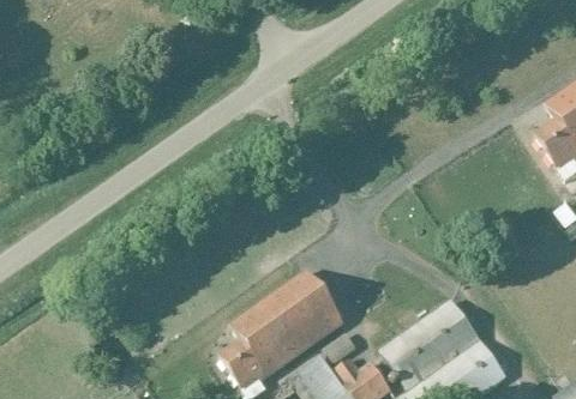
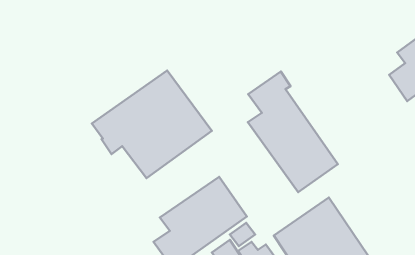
building: none -> [92,70,212,178]
building: none -> [248,71,338,192]

